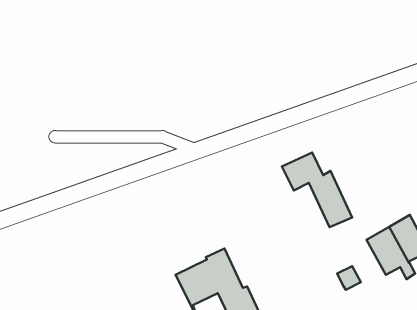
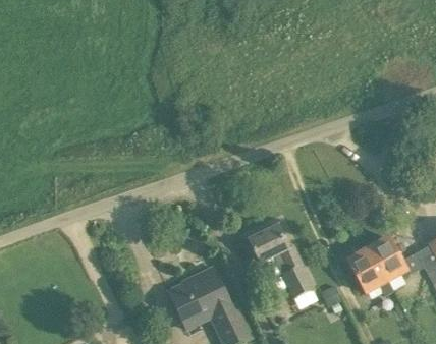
building: [282,152,352,227] -> [249,226,315,296]

